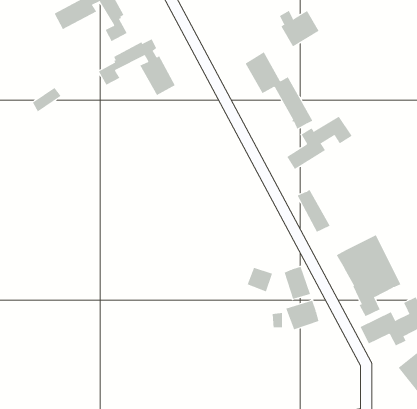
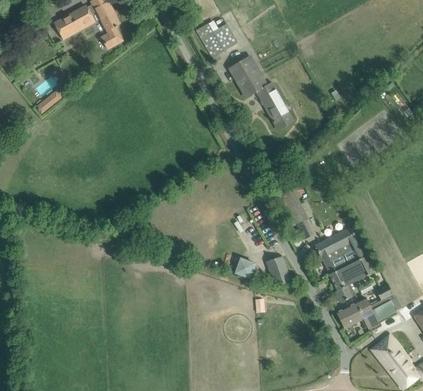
building: [279,10,319,47] -> [200,24,237,58]
building: [98,39,176,96] -> none
building: [286,116,353,170] -> none
building: [286,300,319,330] -> none

